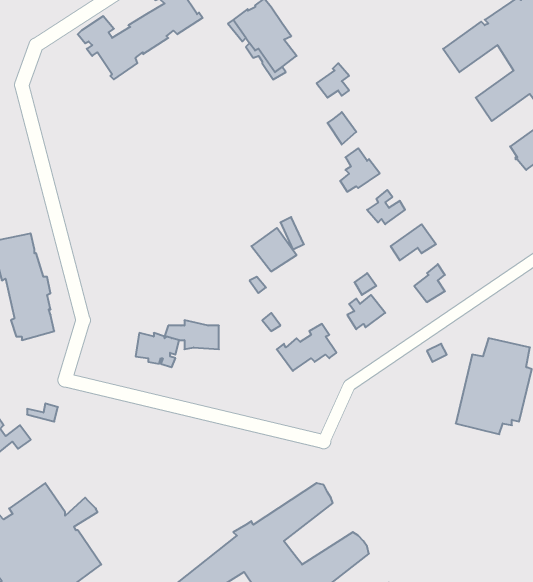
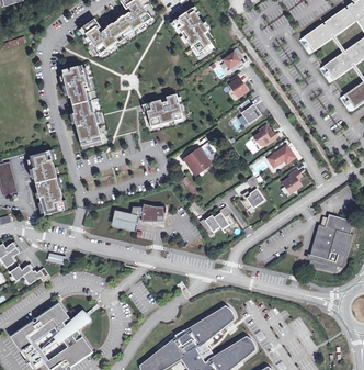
building: none -> [58,66,102,150]
building: none -> [141,94,183,131]

